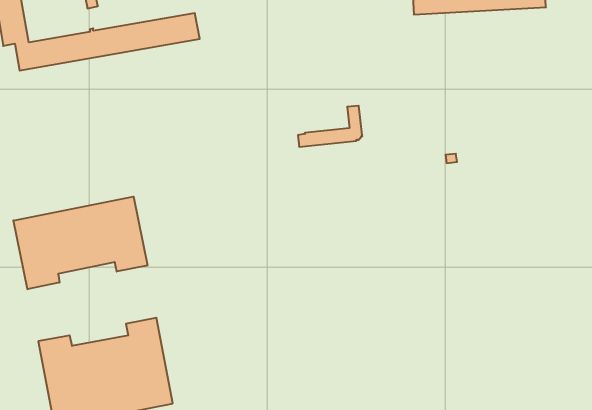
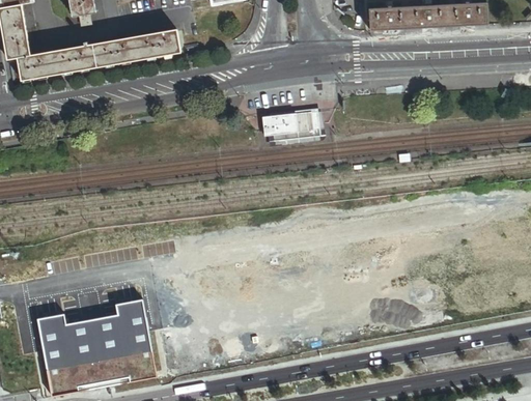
building: none -> [261,111,313,136]
building: [13,197,148,289] -> none

